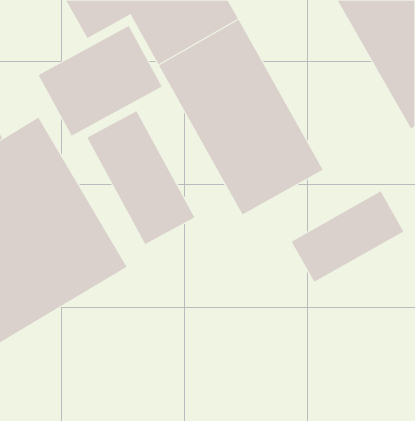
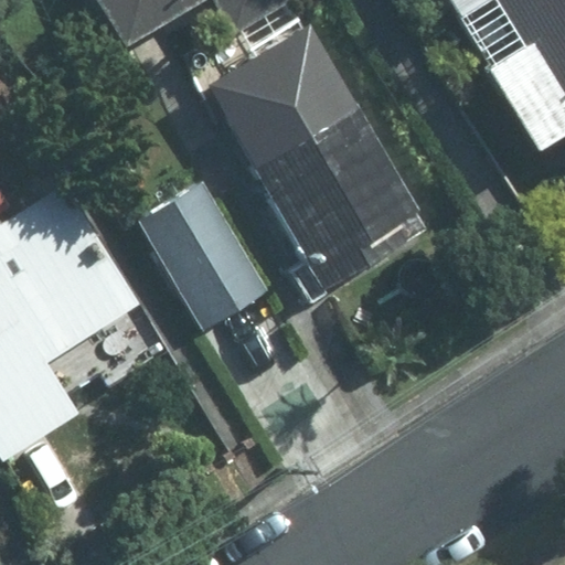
building: [38,25,163,136] -> none
building: [291,191,404,283] -> none

